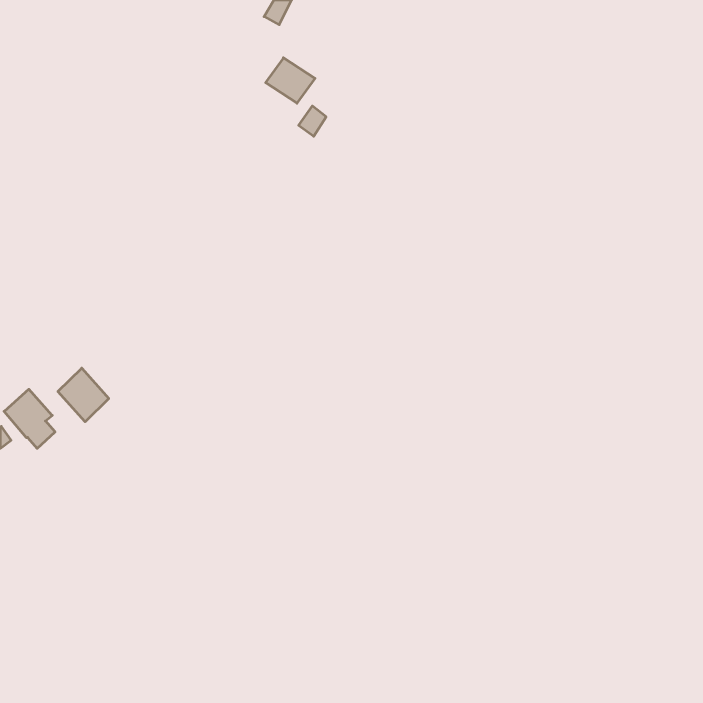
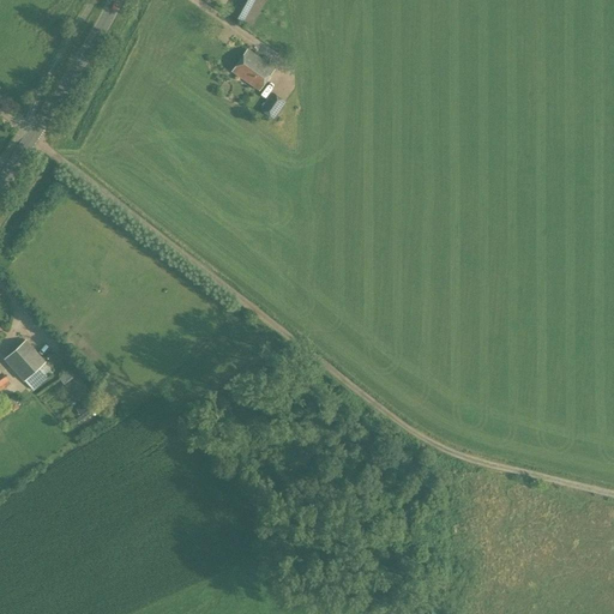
building: [58,368,109,422] -> none

